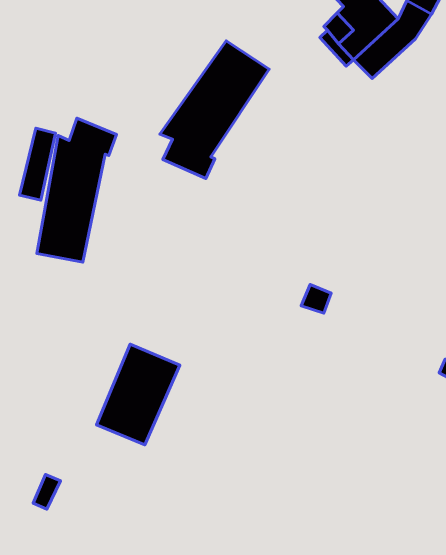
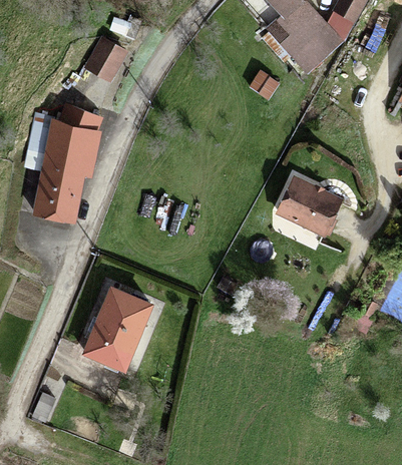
building: none -> [89,41,126,79]
building: [160,41,269,178] -> none
building: none -> [279,179,340,235]

